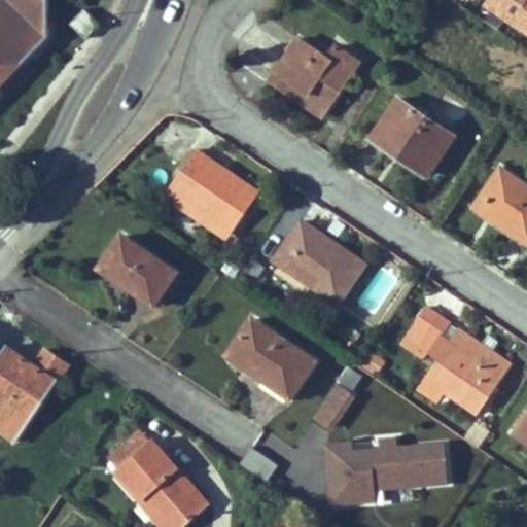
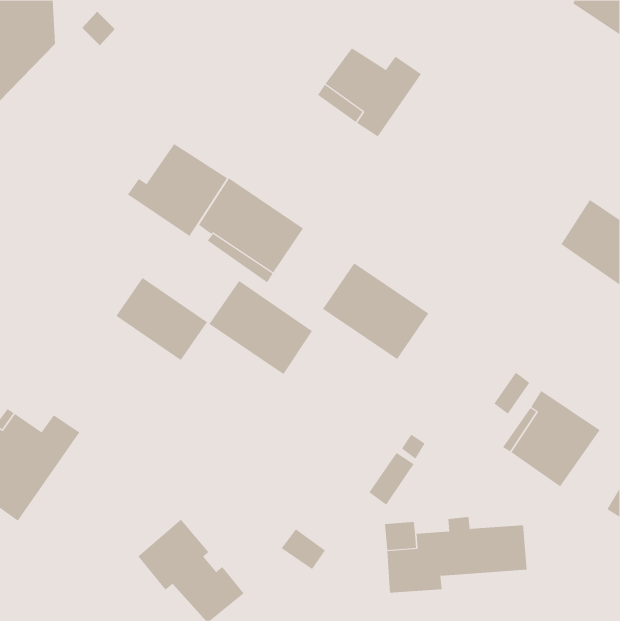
building: [370,99,452,175] -> none
building: none -> [127,143,228,237]
building: [225,318,314,398] -> [208,280,313,375]

